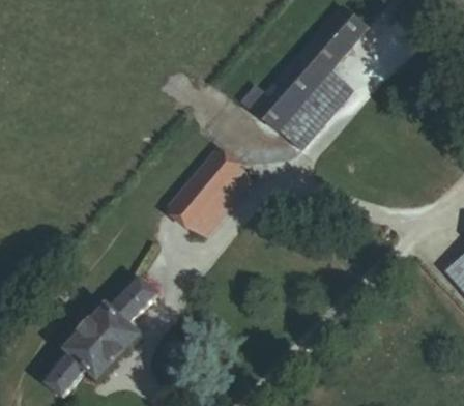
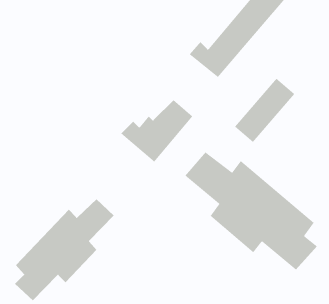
building: [289,68,362,147] -> [234,78,295,143]
building: none -> [185,151,318,271]

